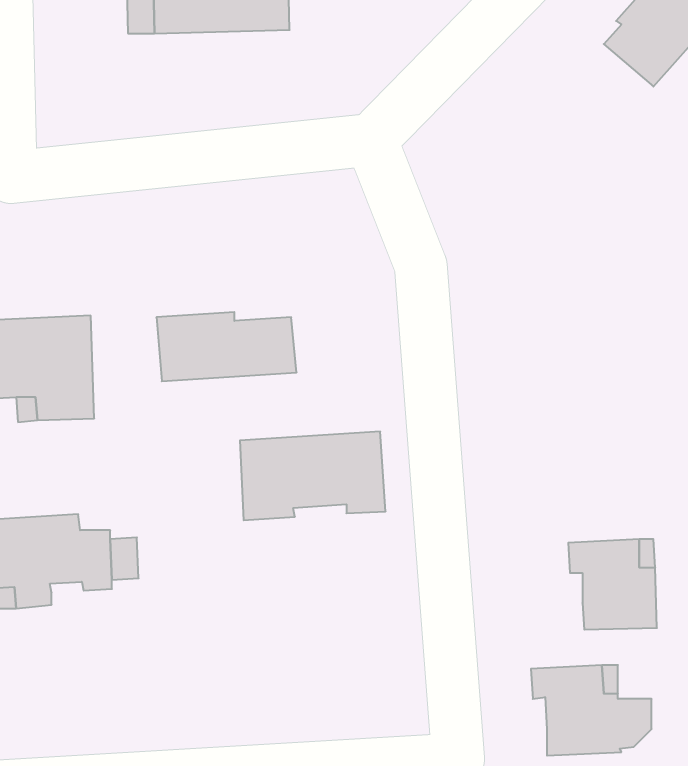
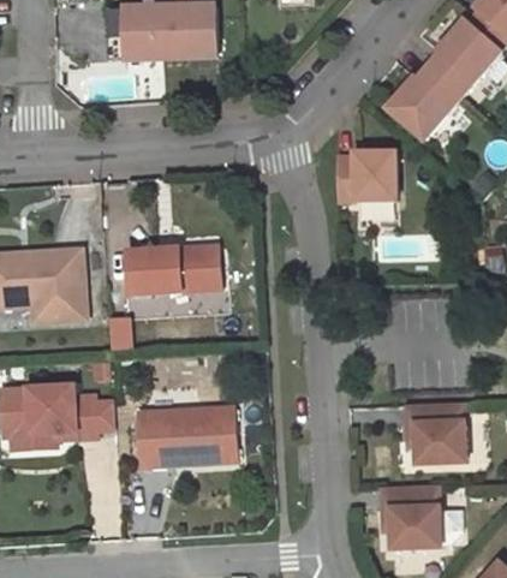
building: none -> [387,66,463,139]
building: none -> [336,150,395,199]
building: [240,432,386,520] -> [138,406,237,466]

